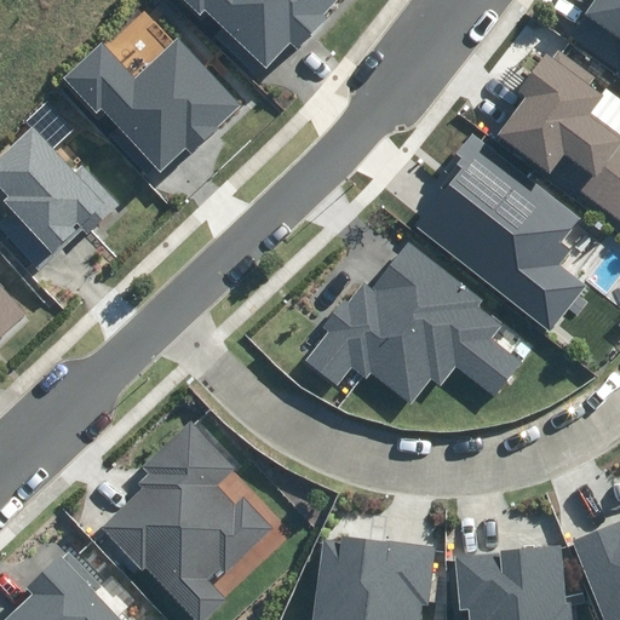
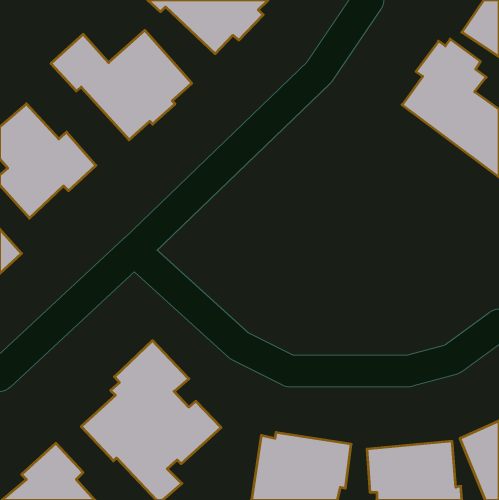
building: [417,132,584,329] -> none
building: [305,239,519,402] -> none

